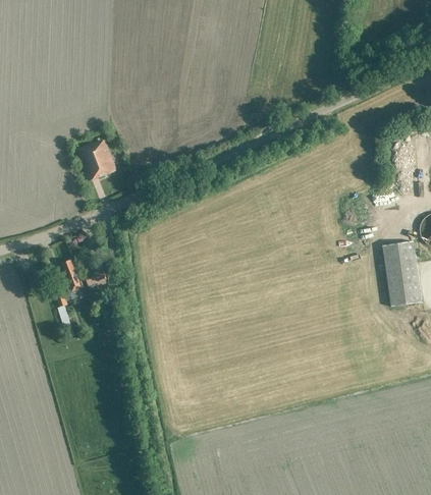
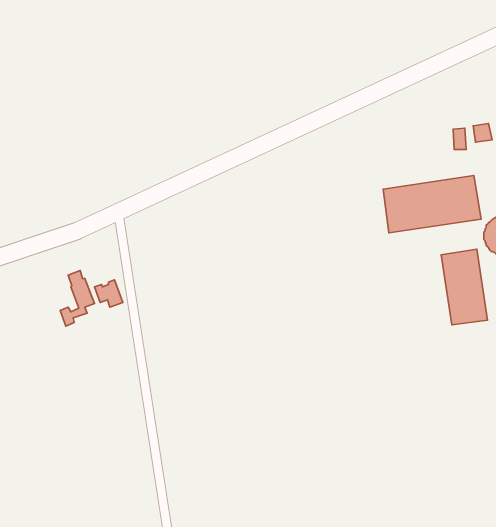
building: [77,139,117,180] -> none
building: none -> [383,176,481,233]

